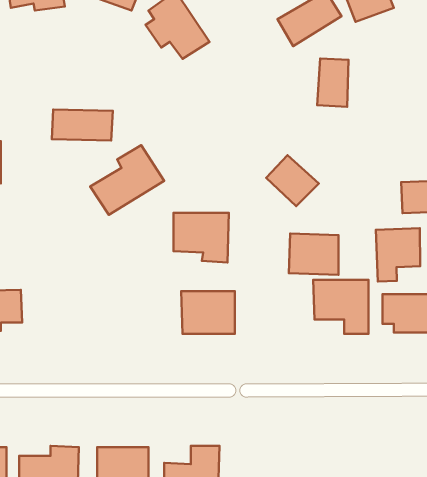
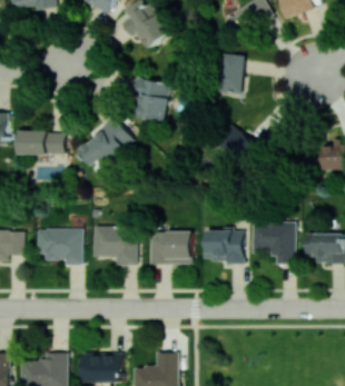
building: [317,58,349,107] -> [218,53,243,91]
building: none -> [134,78,170,120]
building: [52,109,113,141] -> [18,130,66,155]
building: [173,213,229,262] -> [92,226,136,265]
building: [376,228,420,282] -> none
building: [289,234,338,275] -> [204,229,243,261]
building: none -> [36,228,81,265]

